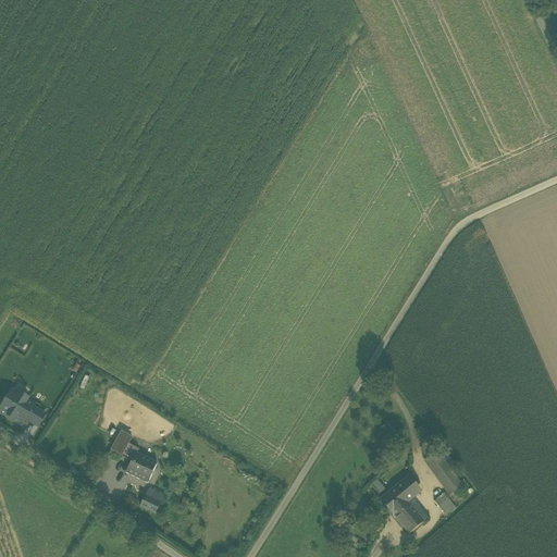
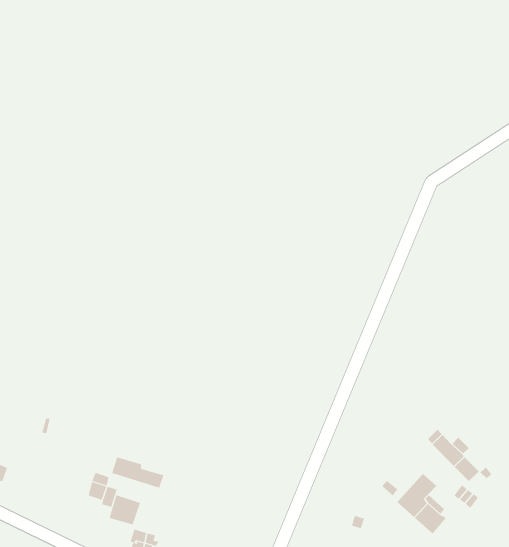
building: none -> [112,457,164,488]

